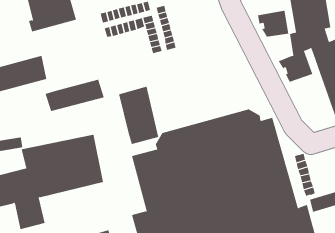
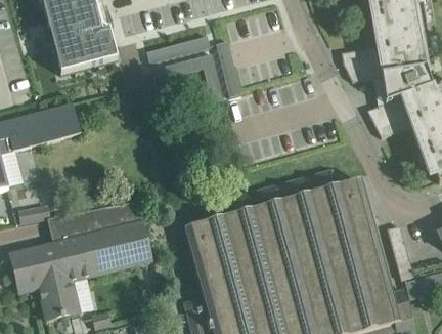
building: [45,79,105,112] -> none
building: [119,86,159,145] -> none

